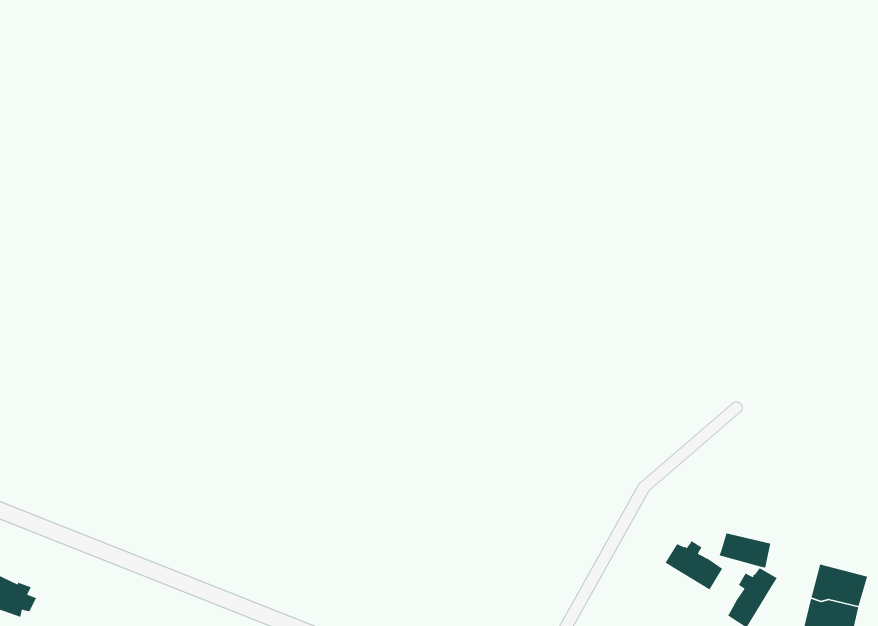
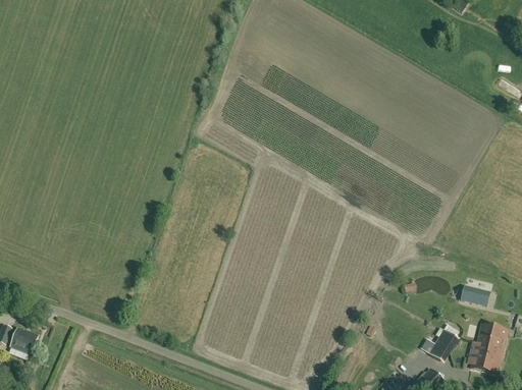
building: [719,532,771,569] -> [460,285,489,305]
building: [665,540,723,591] -> none

